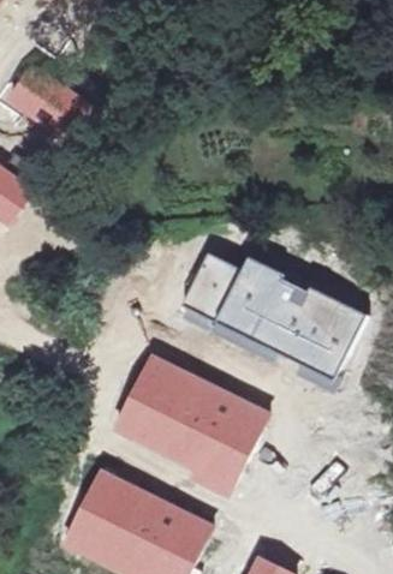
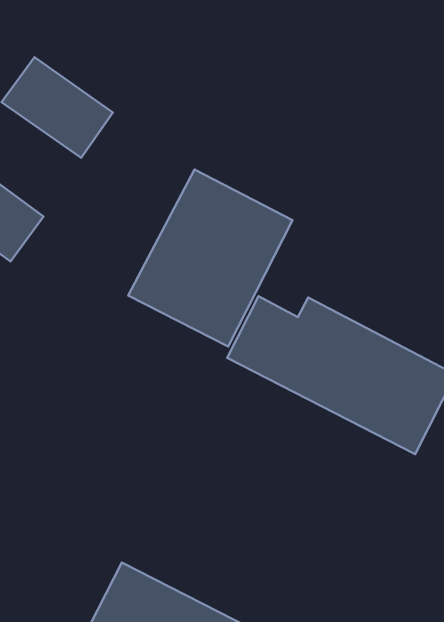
building: none -> [128,170,292,347]
building: [115,351,269,484] -> none

